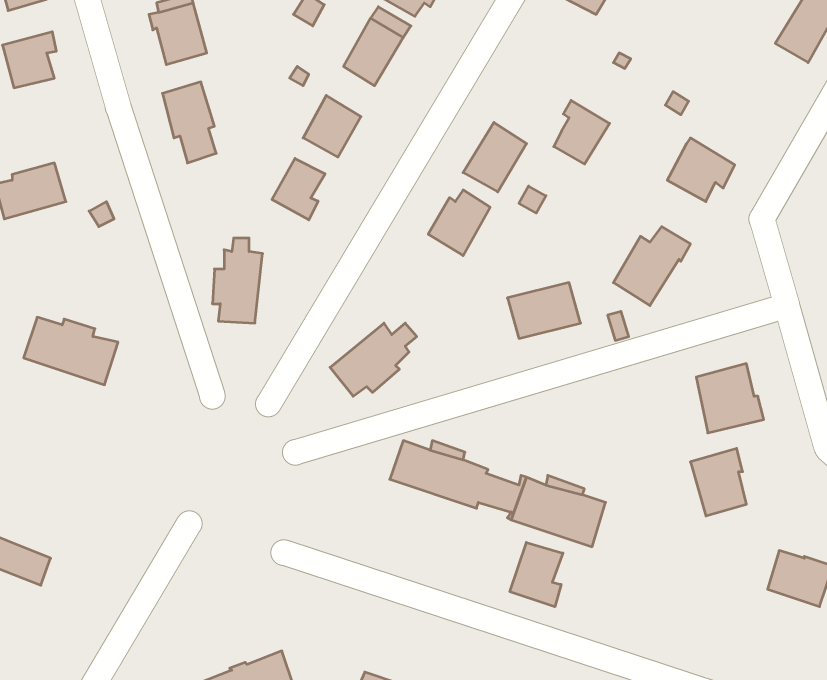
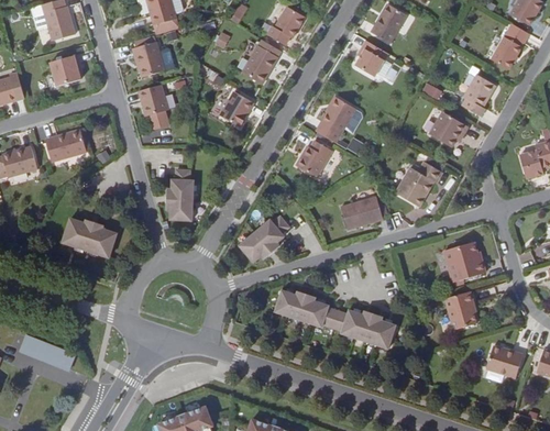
building: none -> [461,77,495,119]
building: [554,100,610,164] -> [354,41,386,77]
building: [272,158,325,220] -> none
building: [510,542,563,607] -> none

